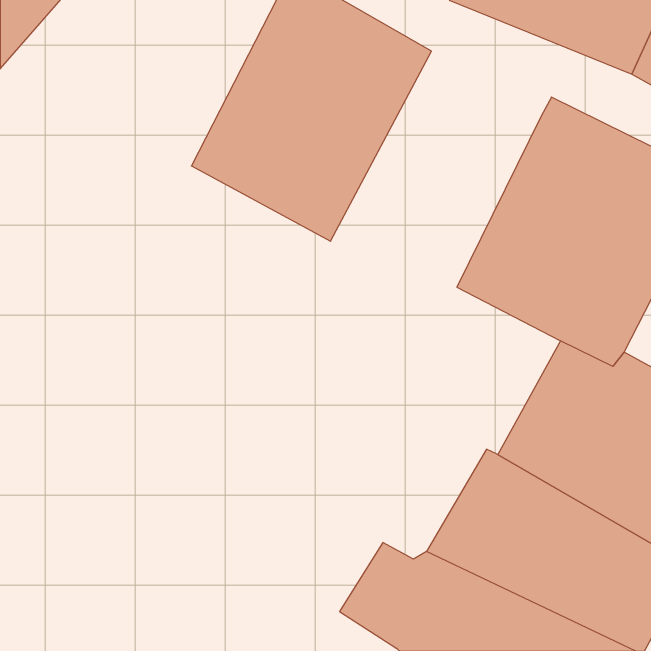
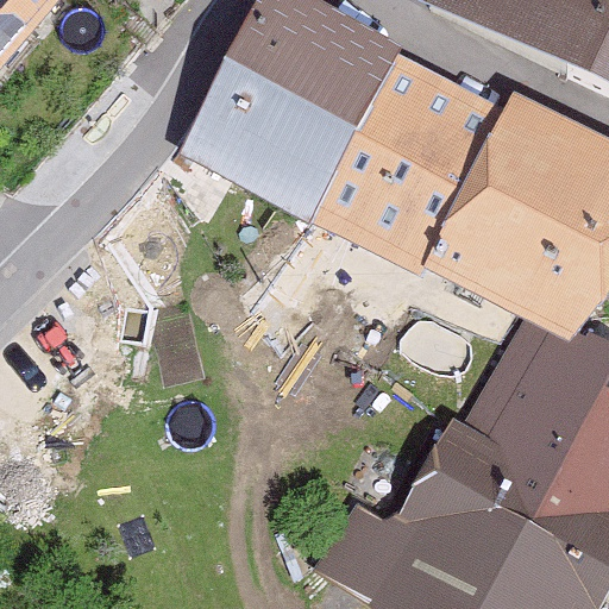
building: none -> [309,48,506,277]

